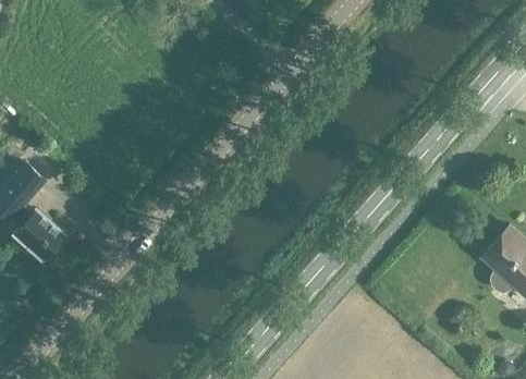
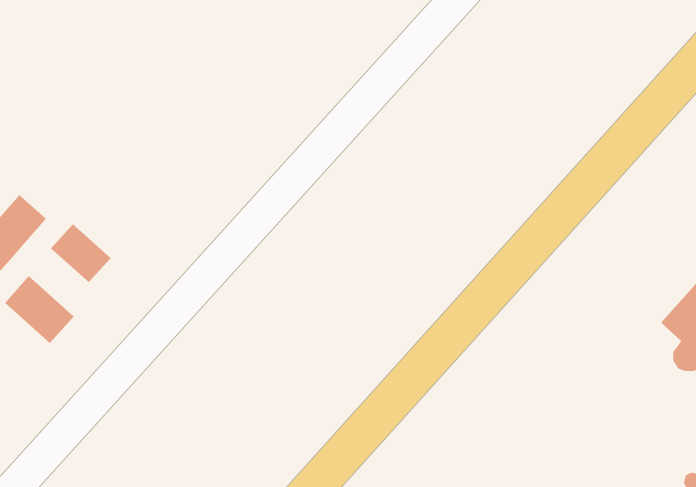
building: none -> [50,223,111,283]

